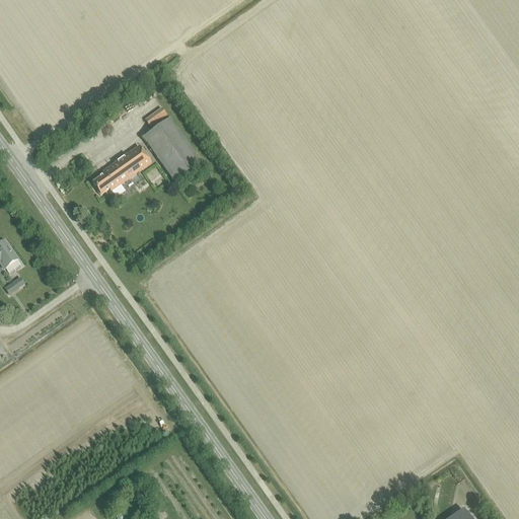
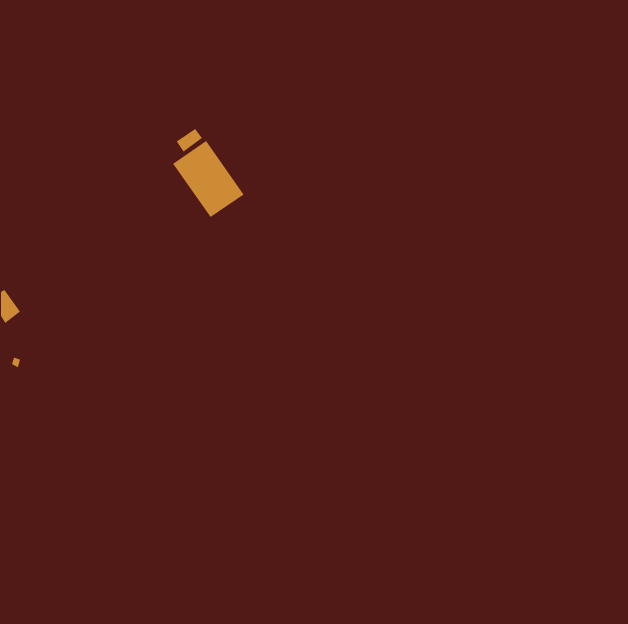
building: [92,143,150,192] -> none

